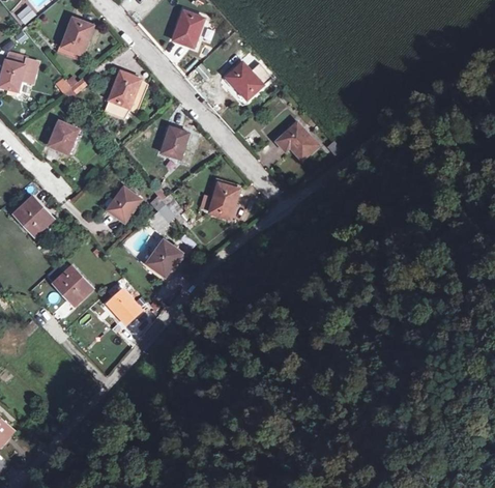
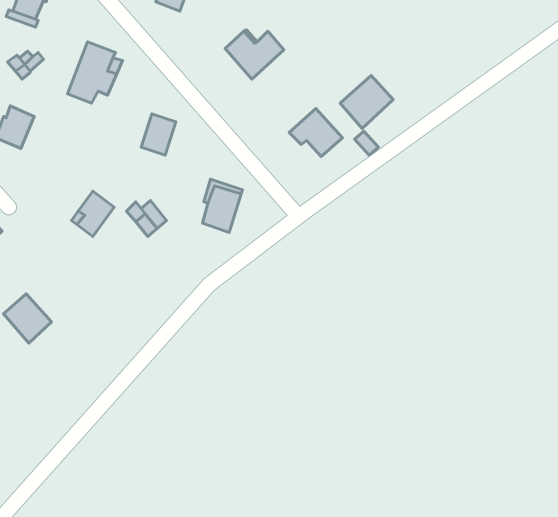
building: none -> [340,76,393,129]
building: [139,239,181,280] -> none
building: [108,289,140,322] -> none

